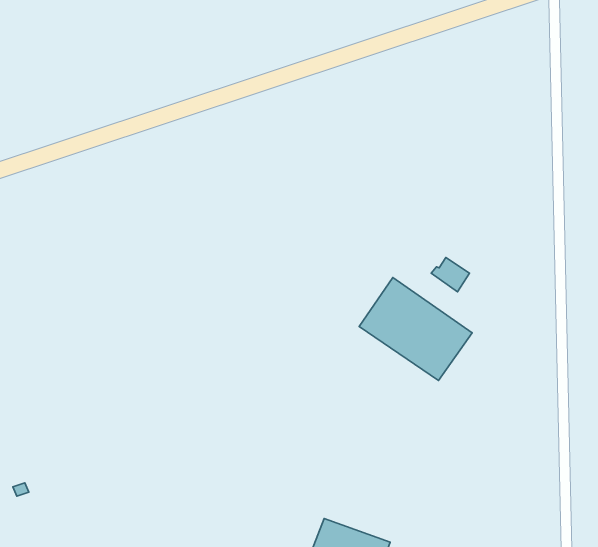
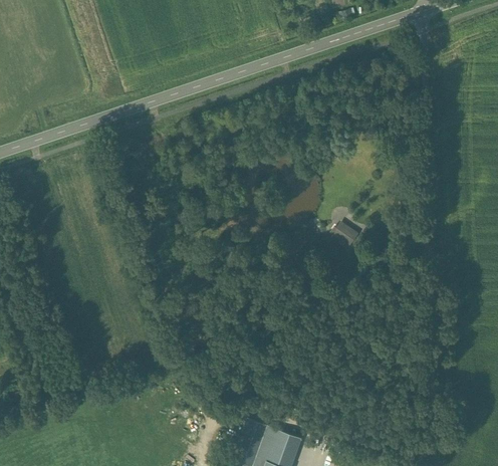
building: [359,278,472,380] -> none

